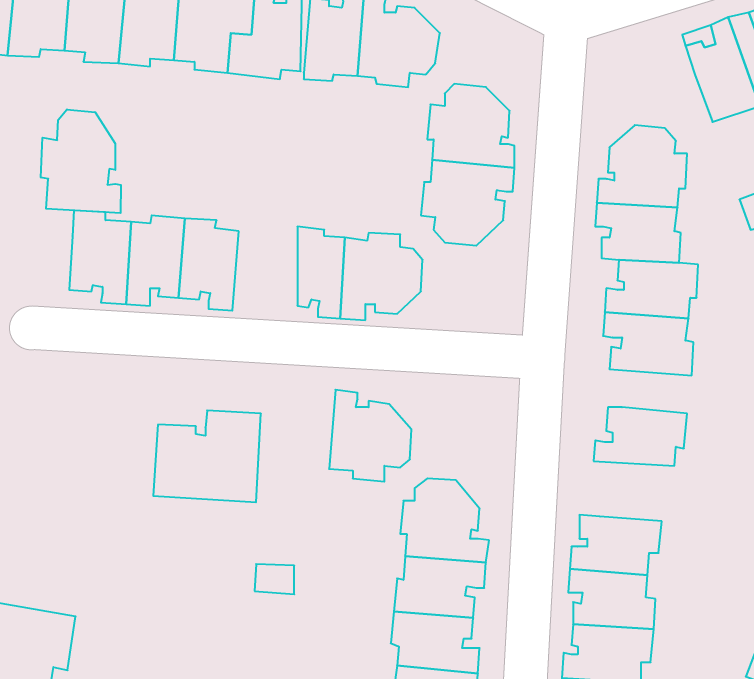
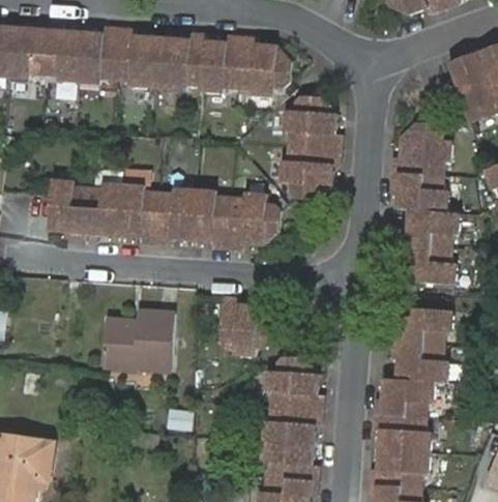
building: [41,109,121,213] -> none
building: none -> [155,187,196,244]
building: none -> [390,342,447,381]

